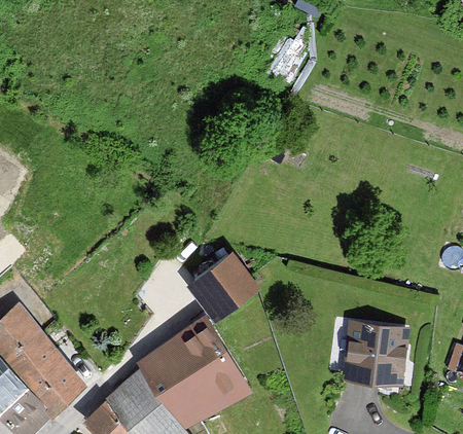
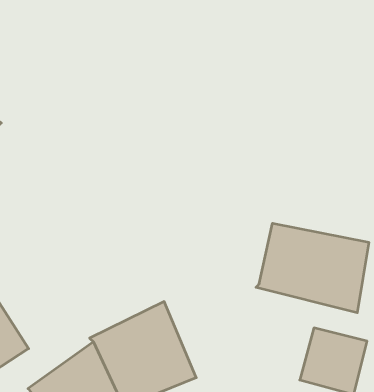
building: none -> [256,223,369,313]
building: [192,255,254,315] -> none

